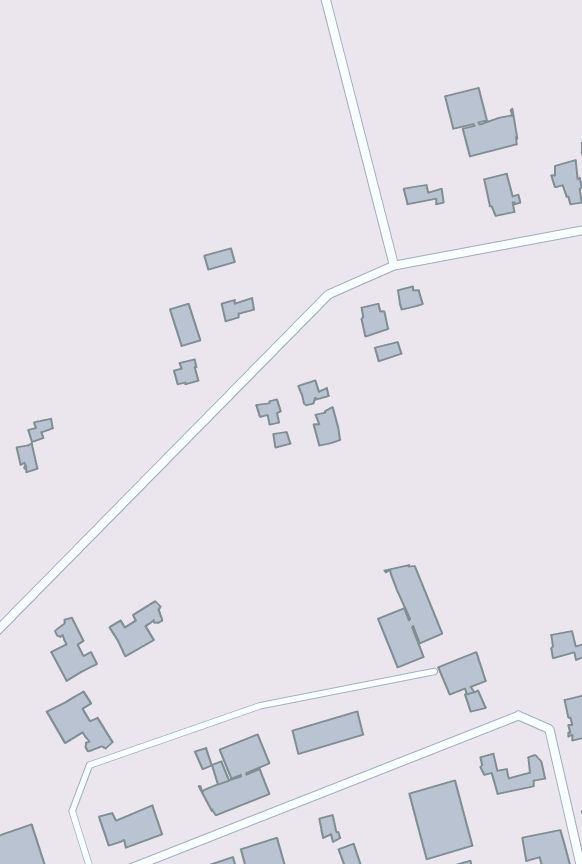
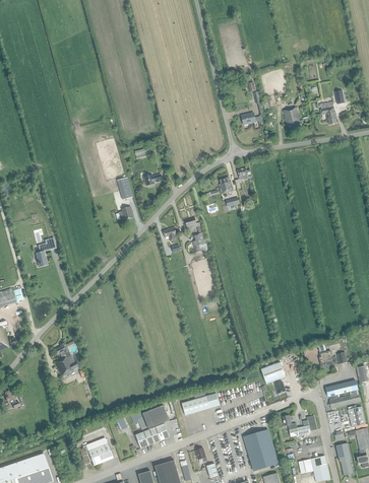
building: [445,88,517,157] -> none
building: [378,565,442,667] -> none
building: [110,601,162,656] -> none
building: [47,691,113,751] -> none

